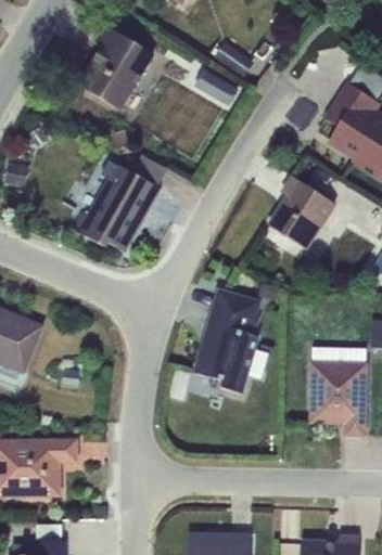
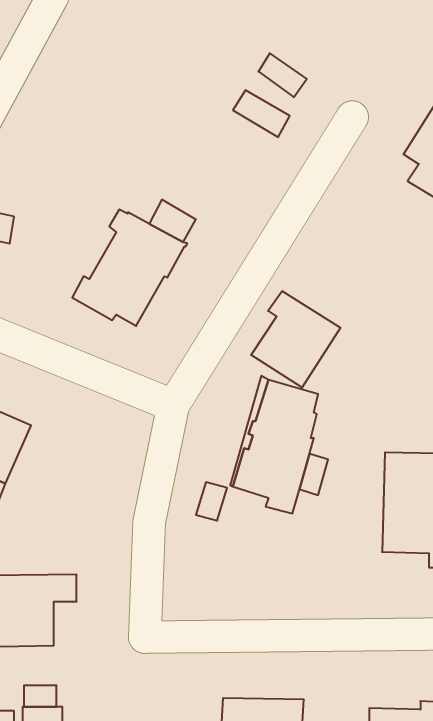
building: [78,25,154,109] -> none
building: [268,176,336,249] -> [251,291,341,388]

